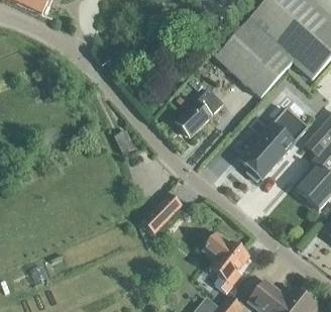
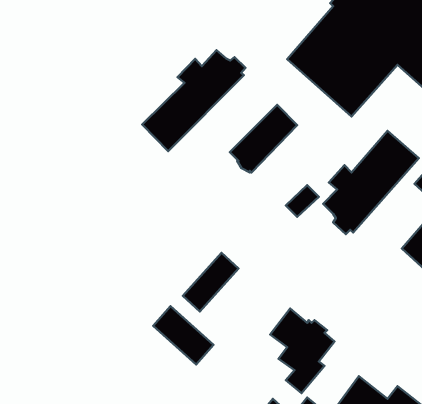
building: none -> [142,50,246,151]
building: none -> [153,306,213,364]

